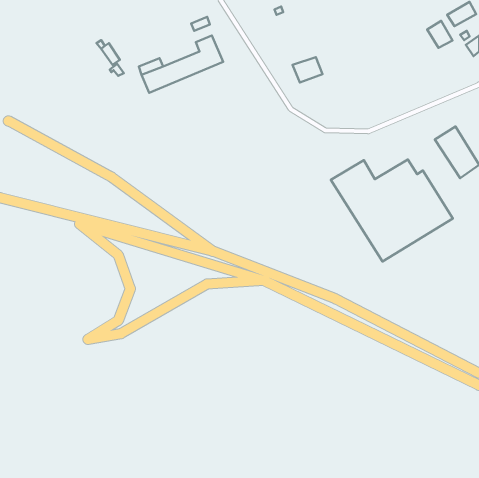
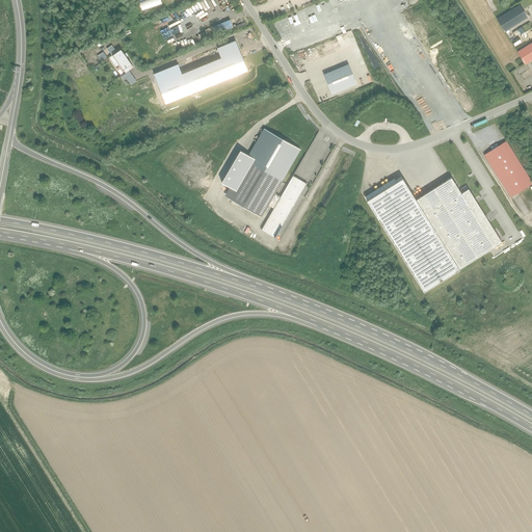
building: [427,21,453,48] -> none
building: none -> [223,129,308,238]

